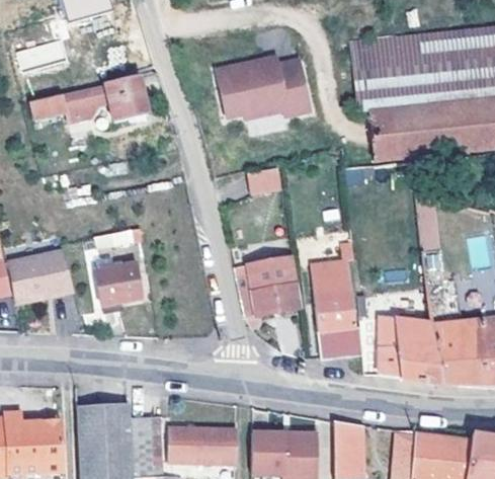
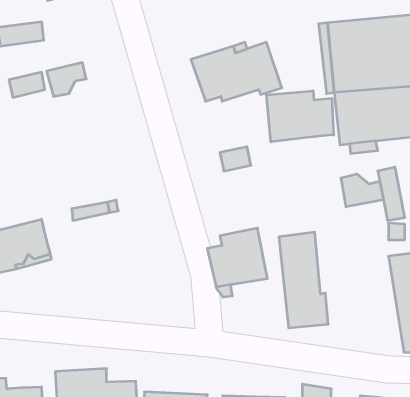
building: [105,75,146,119] -> none
building: none -> [267,91,334,142]
building: none -> [341,174,383,207]
building: [379,258,441,385] -> none
building: [96,260,141,304] -> none

